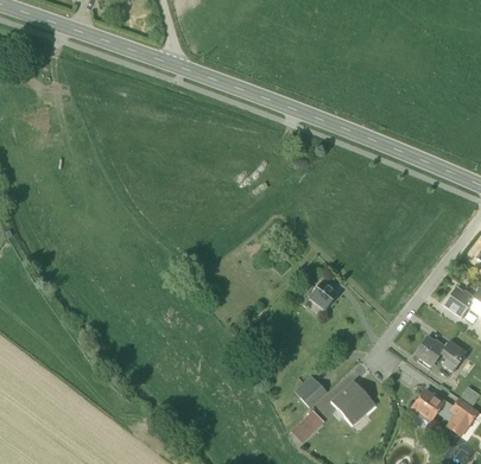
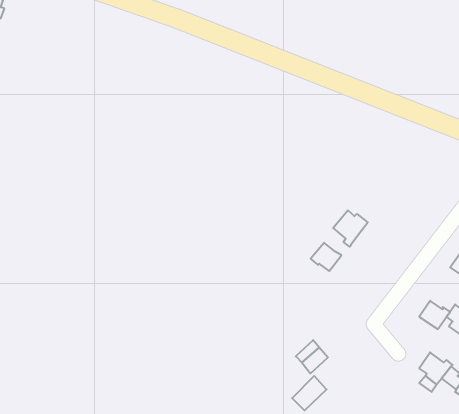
building: none -> [333,210,368,247]
building: [330,380,375,424] -> none

